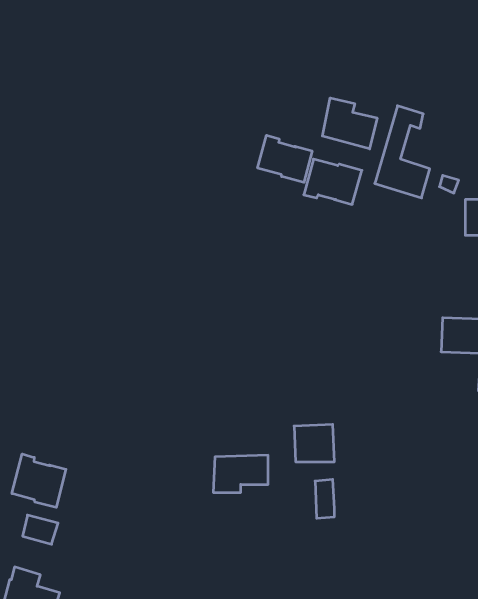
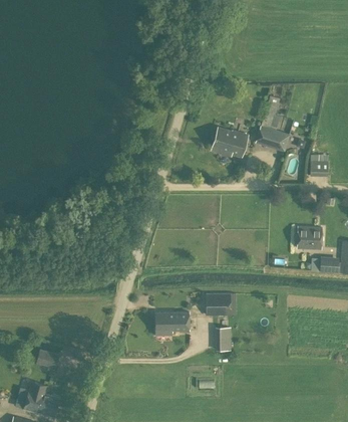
building: [322,98,377,149] -> none
building: [258,135,312,182] -> none
building: [12,454,66,507] -> none

